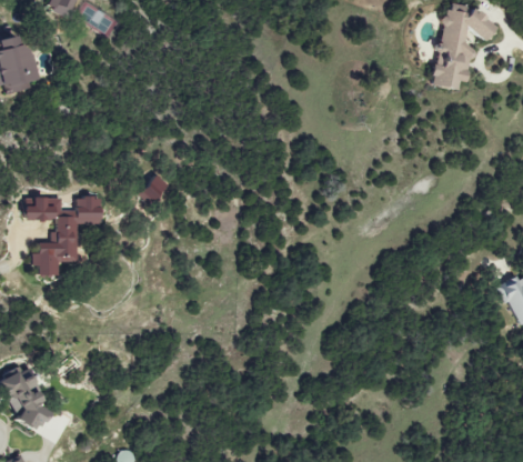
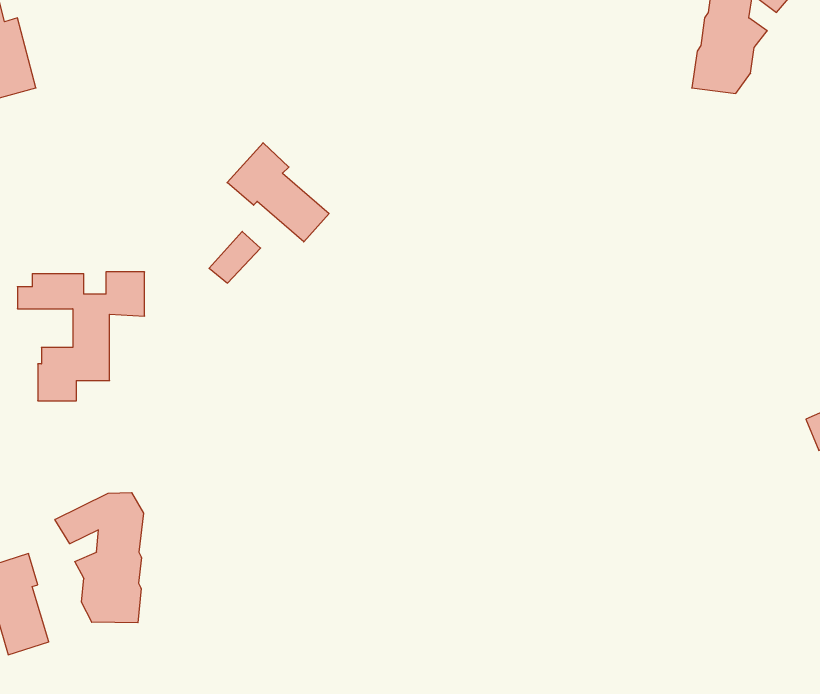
building: none -> [227,143,329,242]
building: none -> [55,493,143,623]

